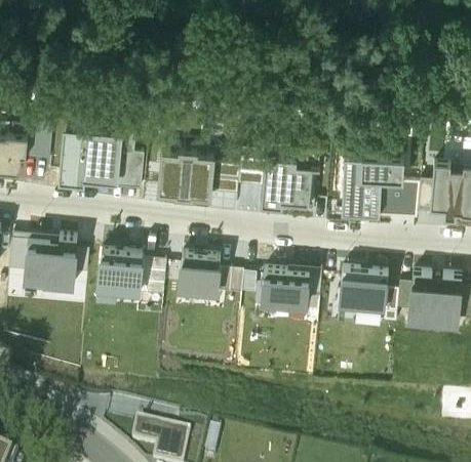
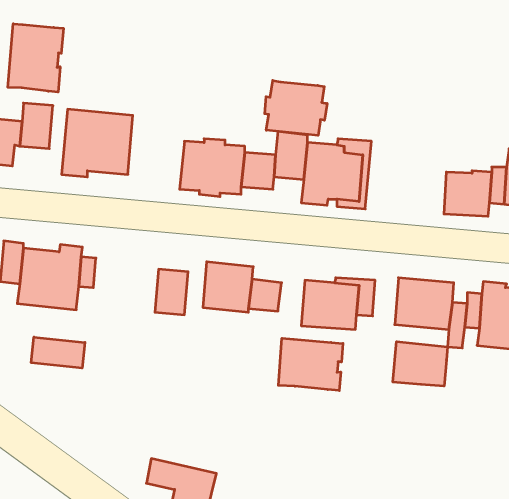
building: none -> [8,24,63,92]
building: none -> [265,80,327,135]
building: [115,130,143,185] -> none
building: [340,157,403,216] -> none
building: [96,254,142,298] -> none
building: none -> [31,337,85,368]
building: none -> [278,338,343,391]
building: none -> [393,342,448,386]

